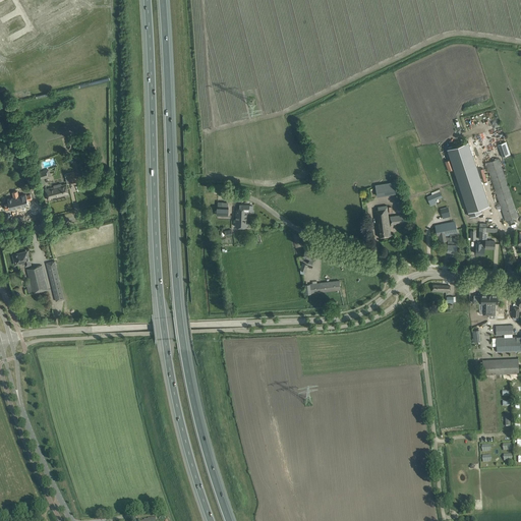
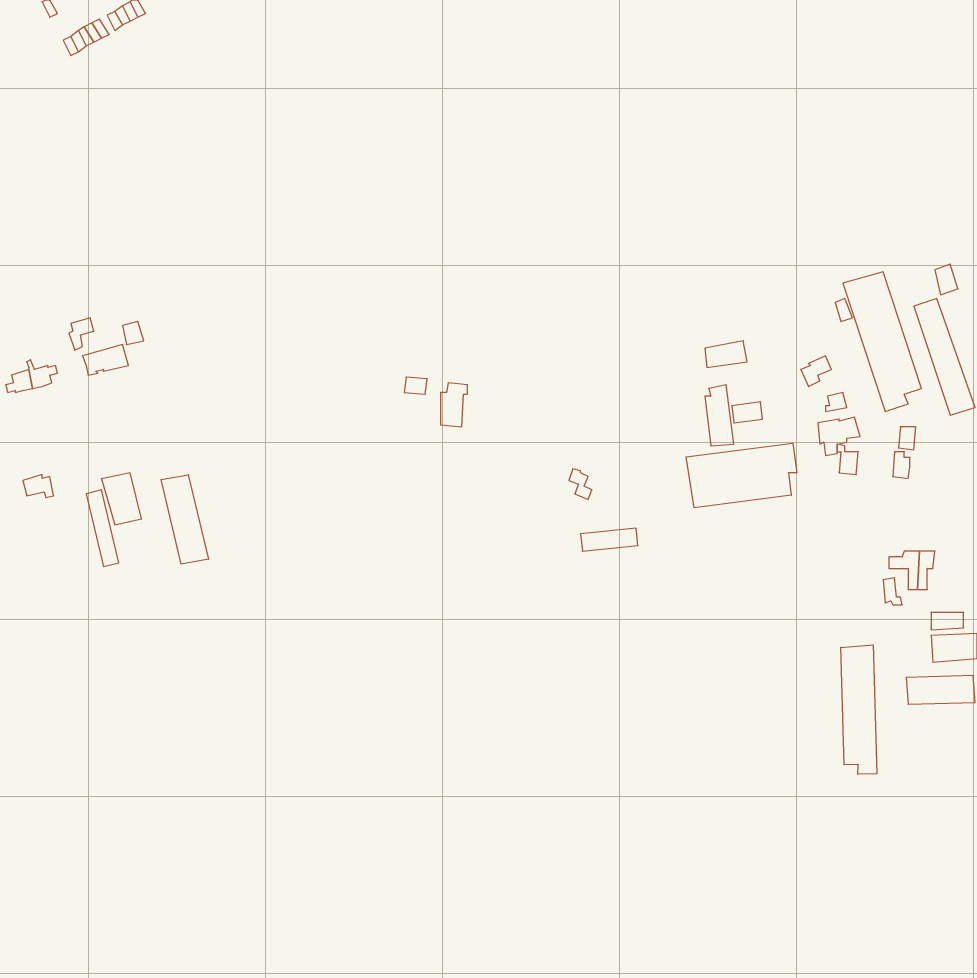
building: none -> [686,443,797,508]
building: none -> [161,475,208,564]
building: [25,266,47,293] -> [101,473,142,525]
building: none -> [841,645,877,774]

